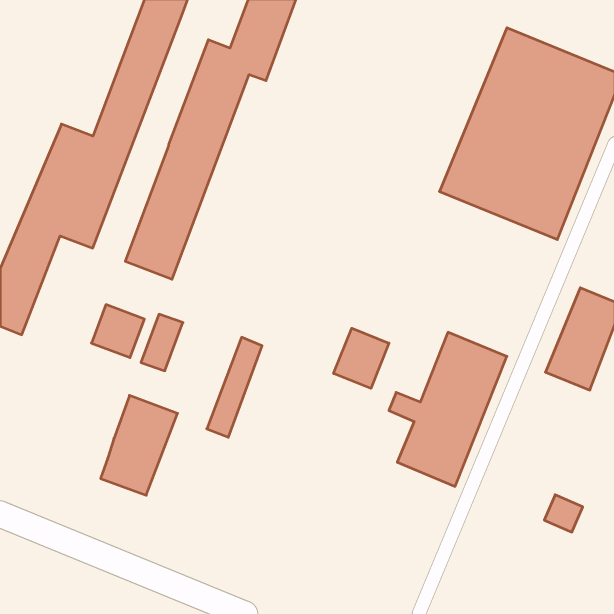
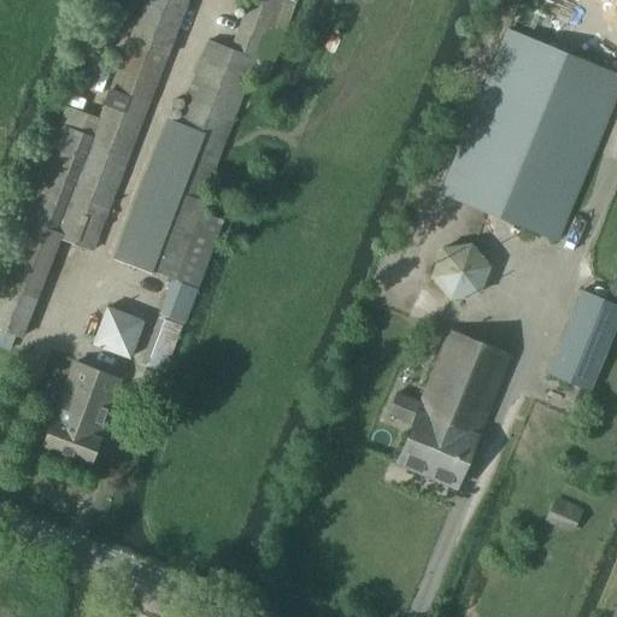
building: none -> [431,241,492,299]
building: [334,328,389,388] -> none
building: [207,337,262,437] -> [168,212,223,312]
building: [101,395,178,495] -> [45,362,122,462]

